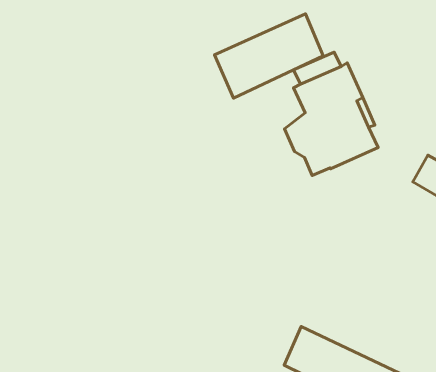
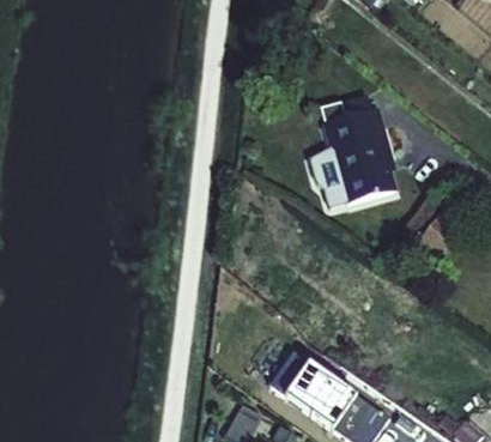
building: [215,14,323,98] -> none

